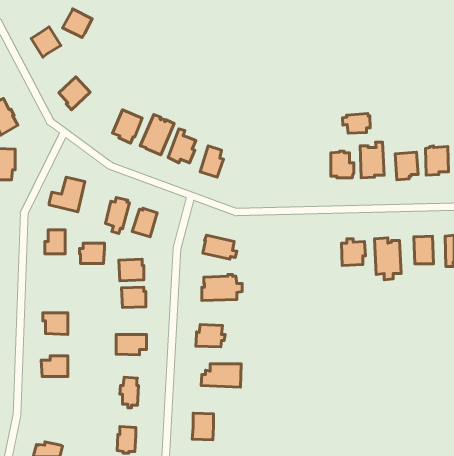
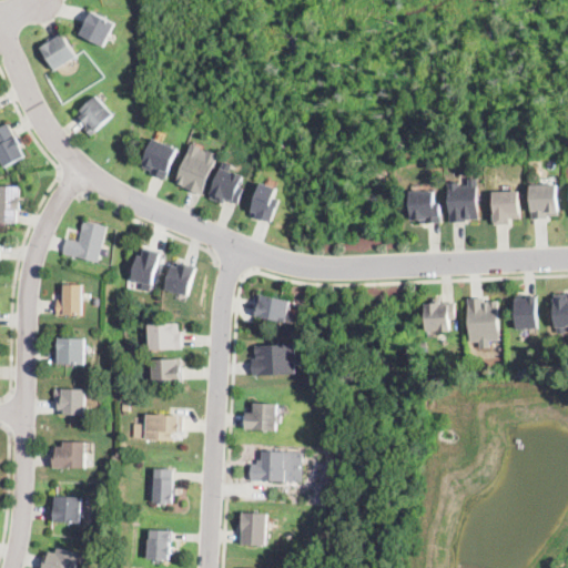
building: [342,113,370,133] -> none
building: [79,243,104,264] -> [53,339,84,365]
building: none -> [49,498,81,525]

